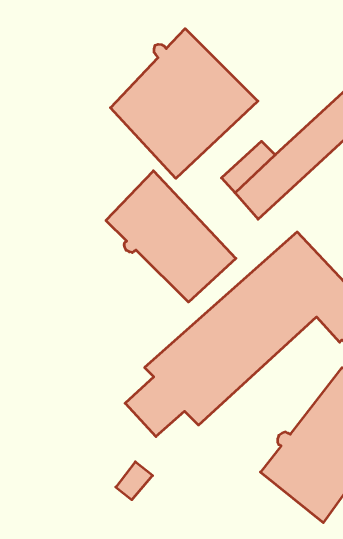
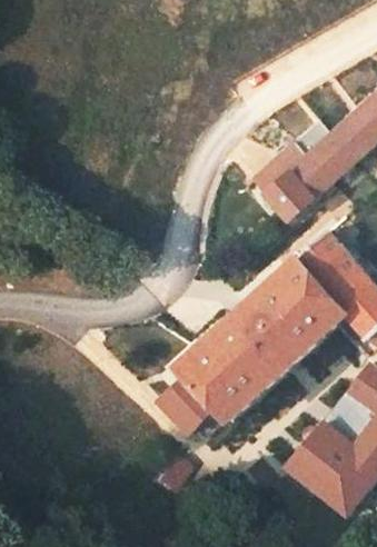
building: [110,29,258,178] -> none
building: [106,171,236,302] -> none

